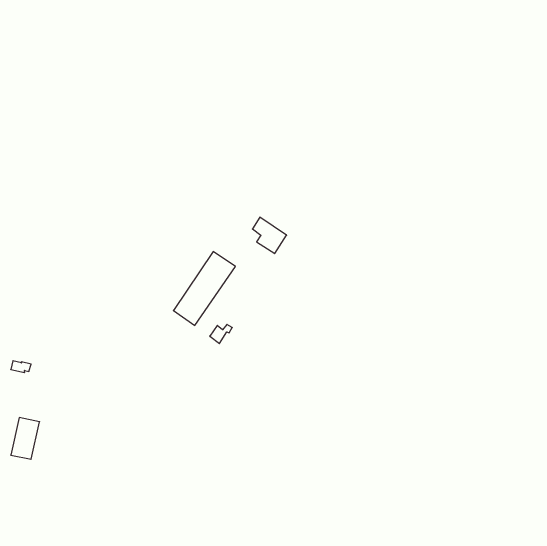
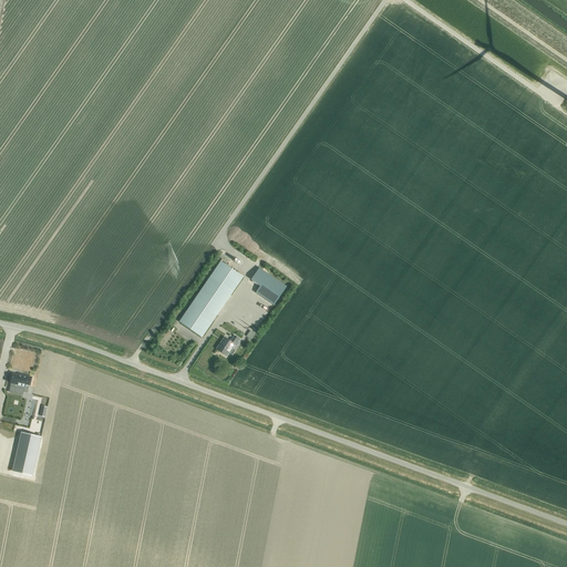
building: [252,217,287,254] -> [251,267,287,305]

